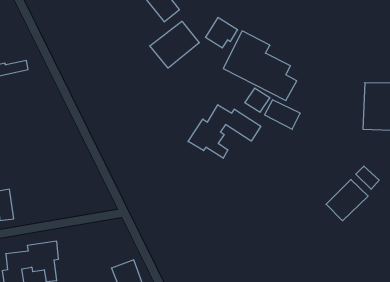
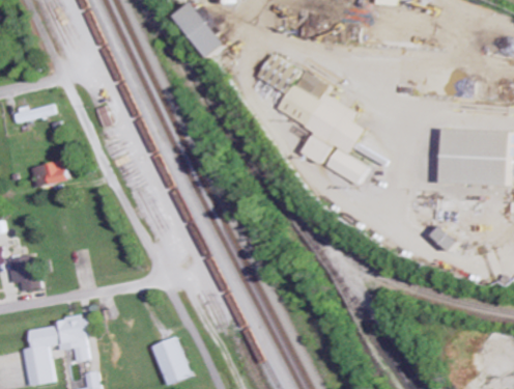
building: [150,21,199,68] -> none
building: [188,105,261,158] -> none
building: none -> [30,162,64,187]
building: [326,179,368,221] -> none

